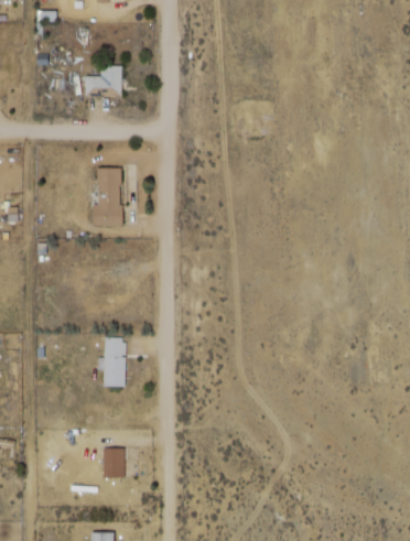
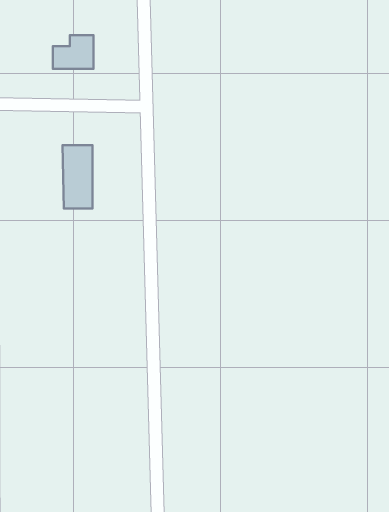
building: [104,338,125,387] -> none
building: [104,448,125,477] -> none

